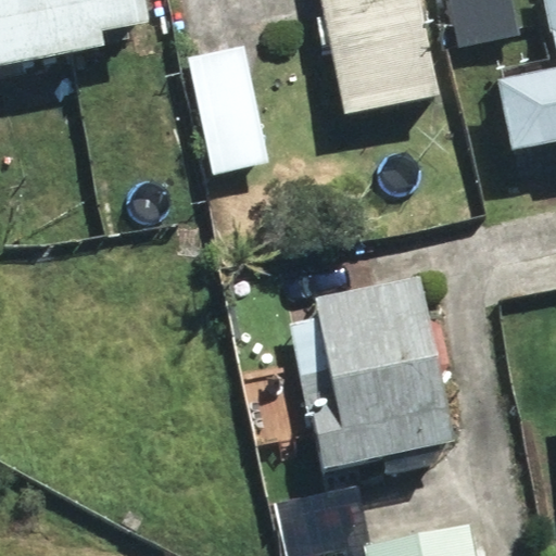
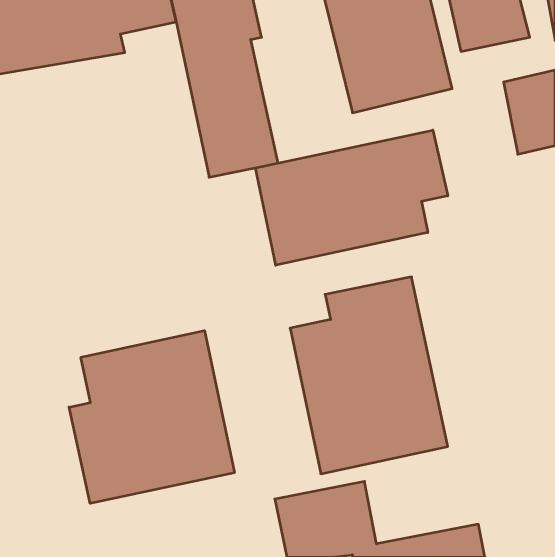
building: none -> [255,130,448,265]
building: none -> [69,331,234,503]

